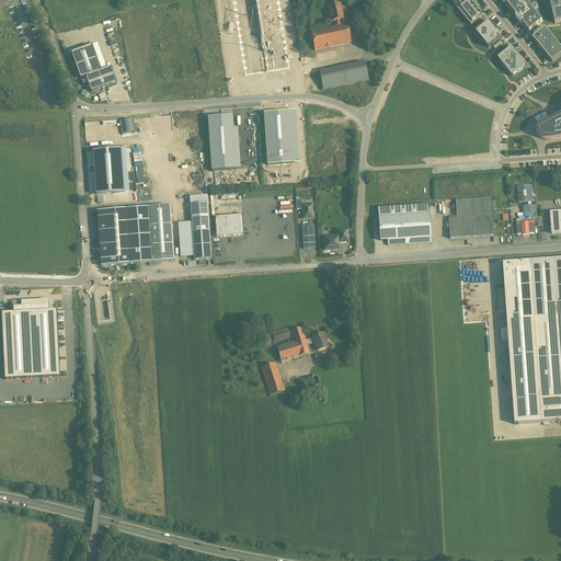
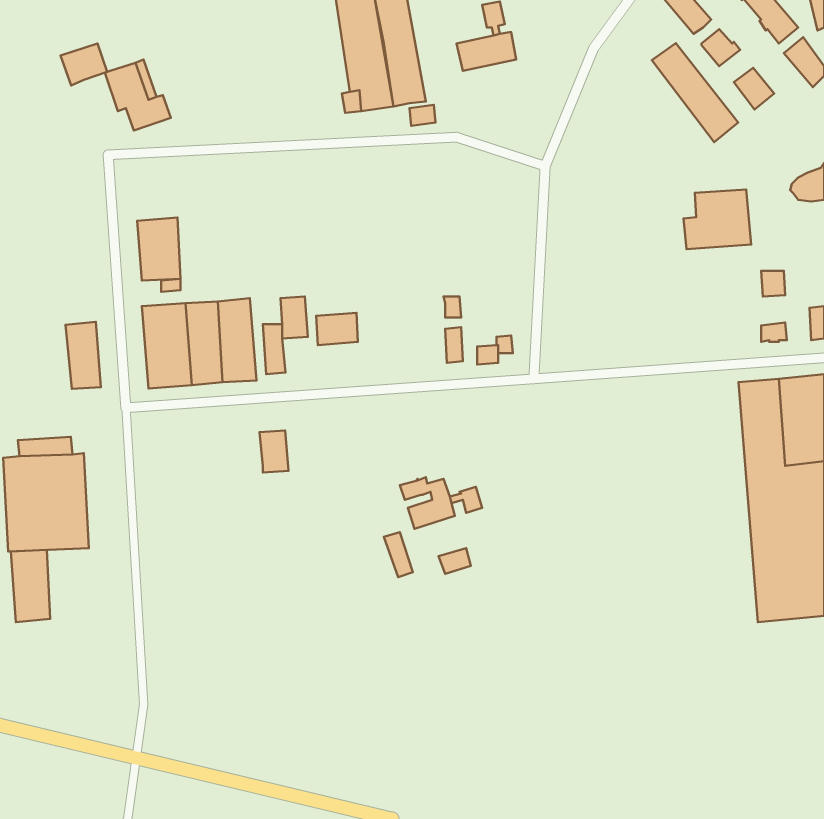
building: none -> [652,43,738,142]
building: none -> [61,43,107,85]
building: [319,60,368,87] -> none
building: [264,108,299,162] -> none
building: [208,113,240,168] -> none
building: [448,196,494,237] -> [683,190,751,249]
building: [378,203,430,243] -> none
building: none -> [65,322,101,389]
building: [192,229,211,257] -> [259,431,289,472]
building: none -> [11,550,50,622]

